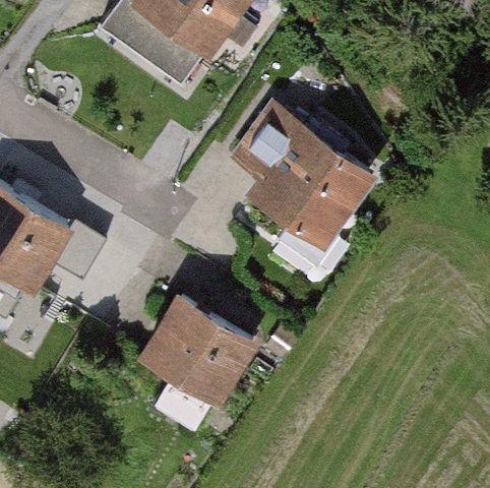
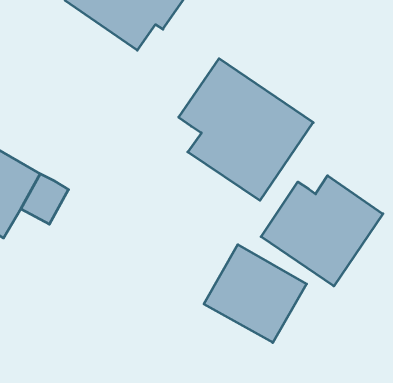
building: none -> [261,176,383,286]
building: [142,298,256,407] -> [204,245,307,343]

